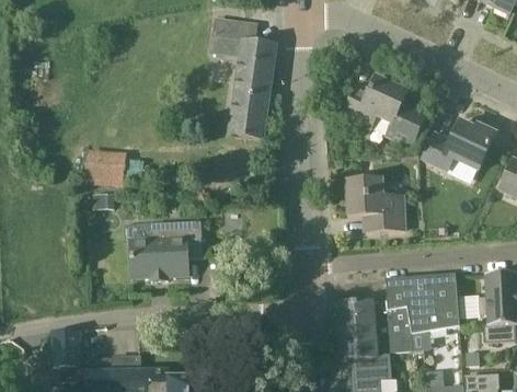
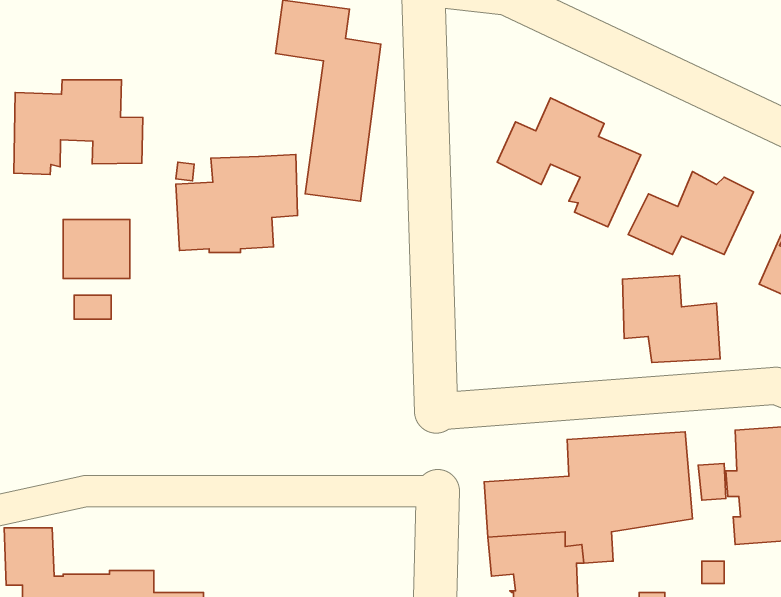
building: none -> [14,80,143,175]
building: [347,177,405,229] -> [622,276,720,362]
building: [130,220,203,278] -> [176,155,298,252]

